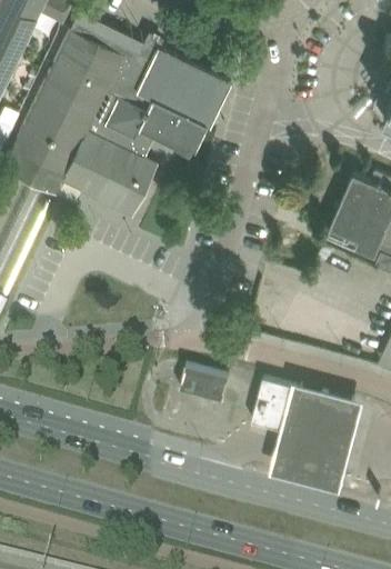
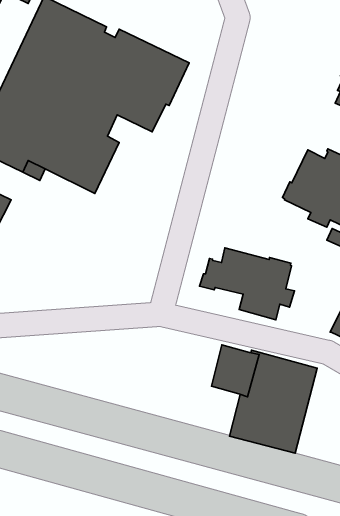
building: none -> [200,248,294,320]
building: [180,368,230,403] -> none

